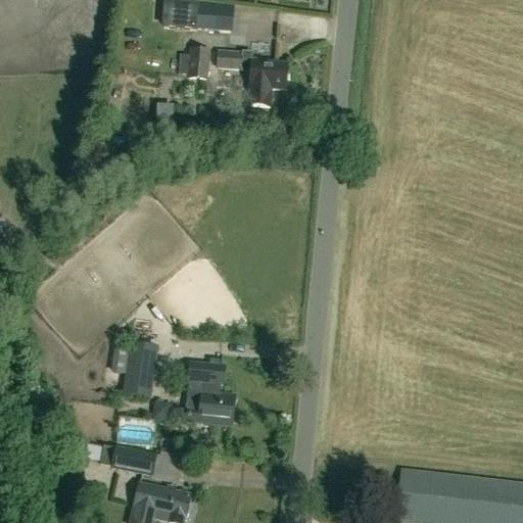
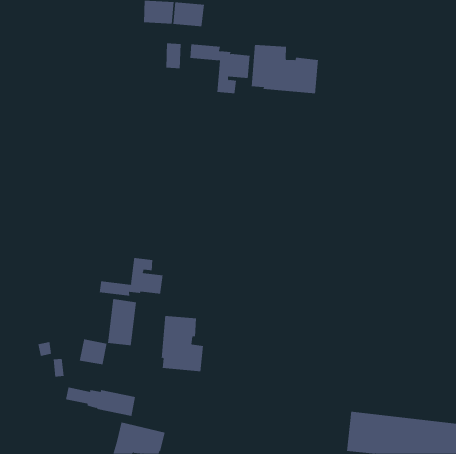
building: none -> [251,44,319,94]
building: none -> [99,257,163,296]
building: none -> [79,338,107,365]

